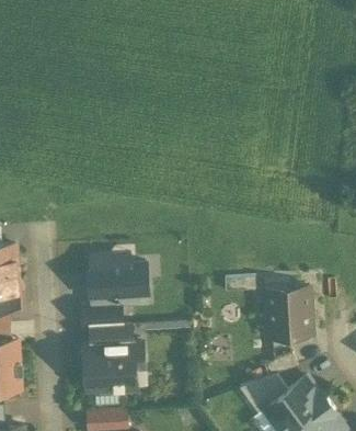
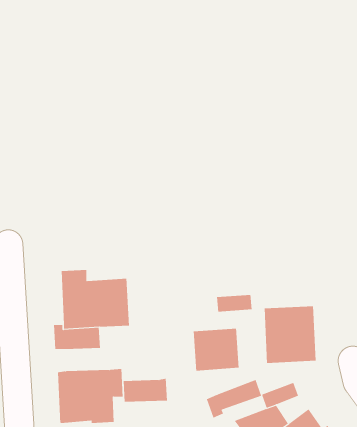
building: none -> [193,328,239,371]
building: [92,325,131,345] -> [123,378,168,402]
building: none -> [206,379,262,418]

